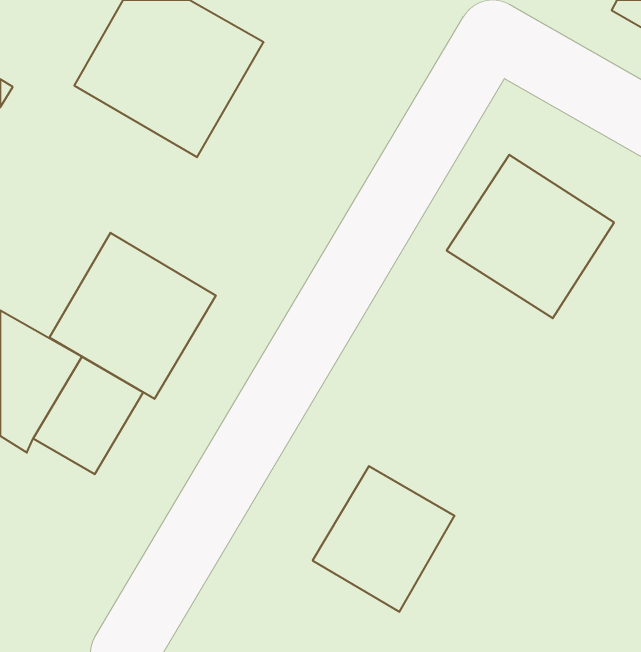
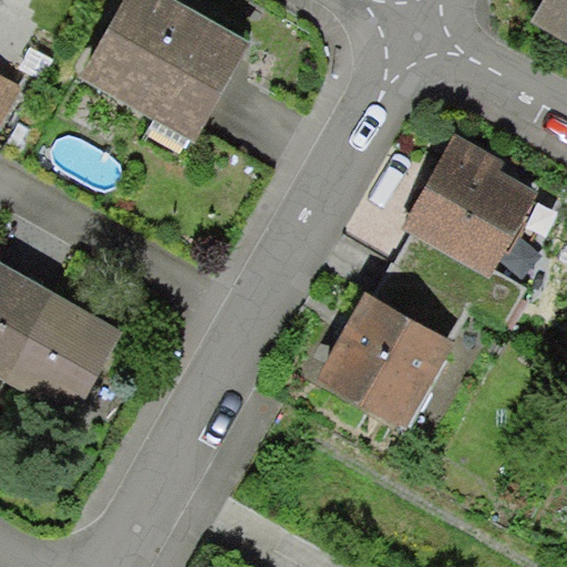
building: [49,233,216,399] -> none
building: [313,466,455,612] -> [328,297,451,423]

